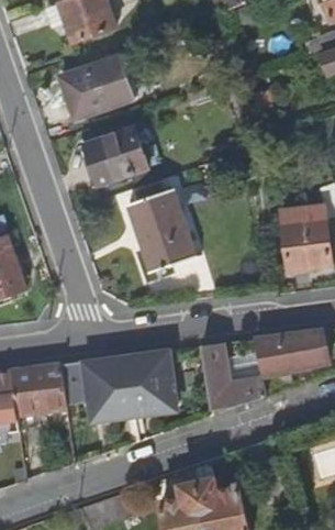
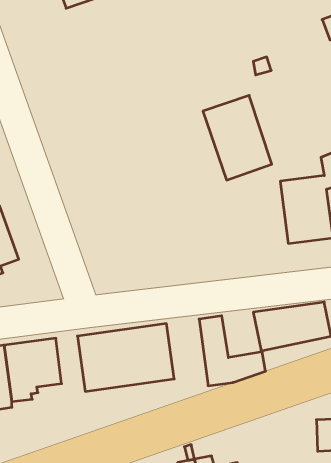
building: [62,55,136,117] -> none
building: [85,126,148,185] -> none
building: [127,188,194,270] -> [203,95,272,180]

